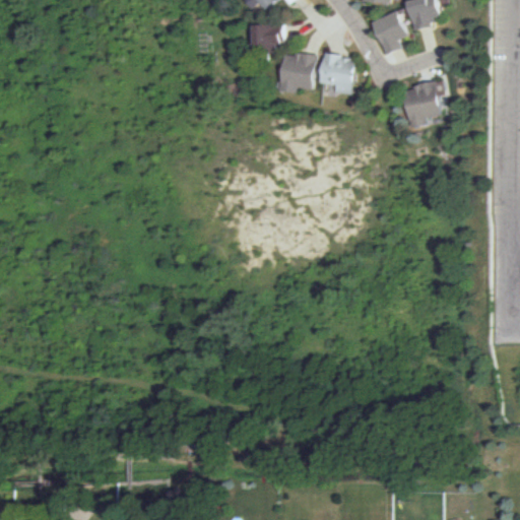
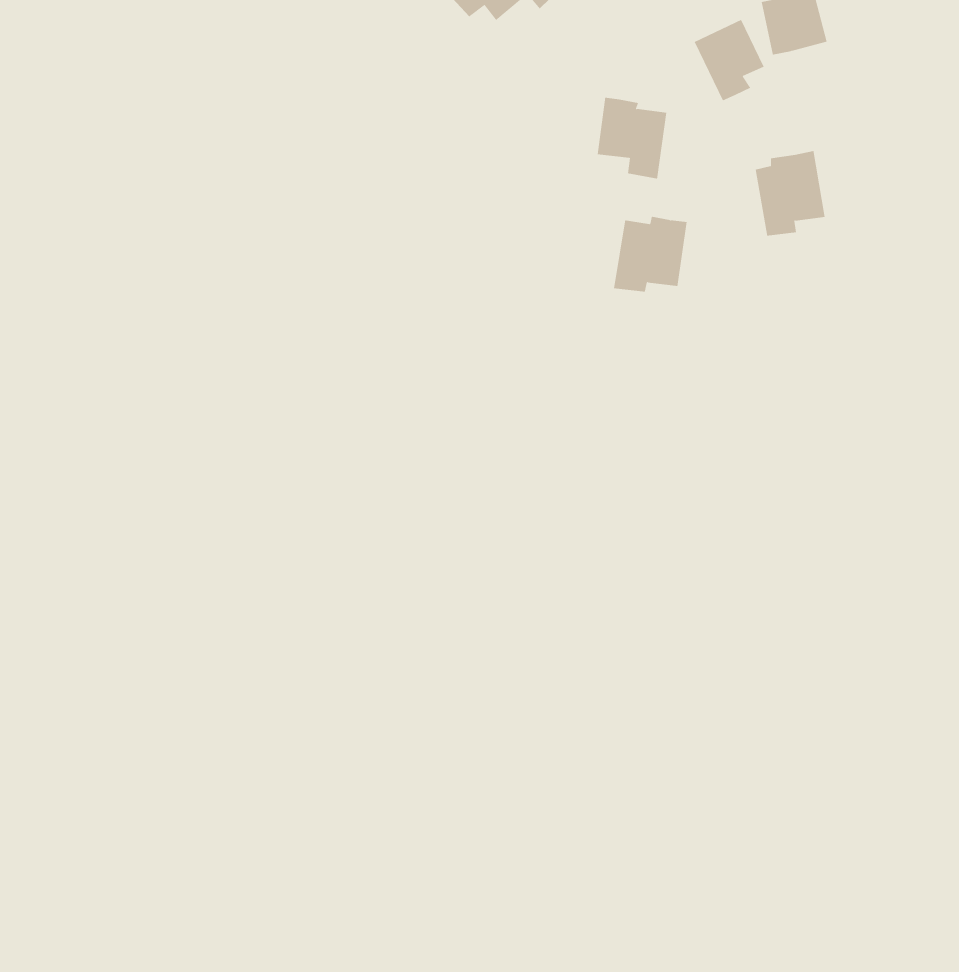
building: [252,24,282,53] -> none
building: [276,52,316,92] -> [613,216,688,292]

